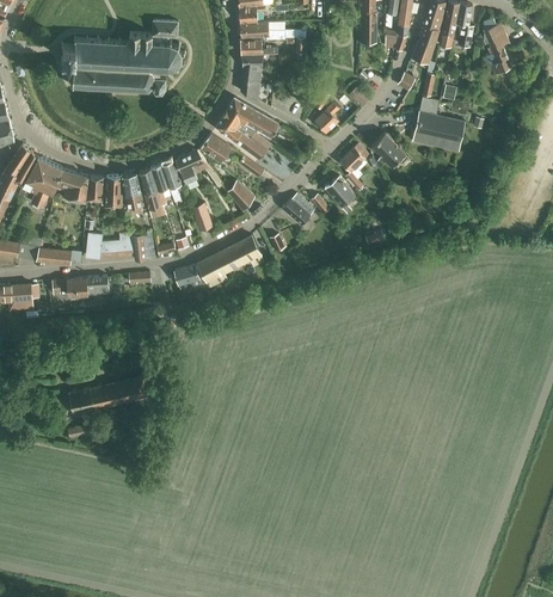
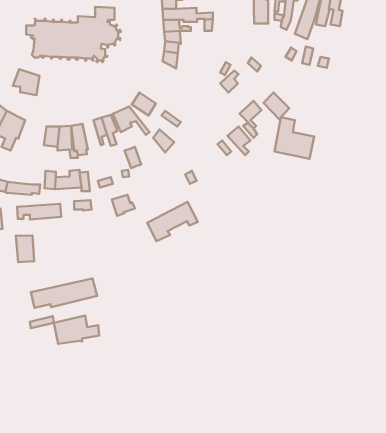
building: [483,18,511,74] -> none
building: [413,97,465,150] -> [274,117,314,159]
building: [215,98,278,159] -> none
building: [54,168,88,202] -> [13,69,39,95]
building: [140,168,166,210] -> none
building: [282,193,315,224] -> none
building: [198,235,264,287] -> [147,202,198,241]
building: none -> [16,236,34,262]
building: none -> [54,316,99,344]

